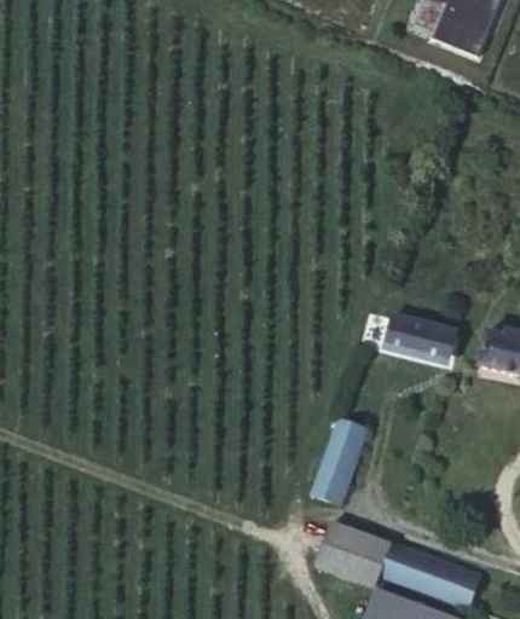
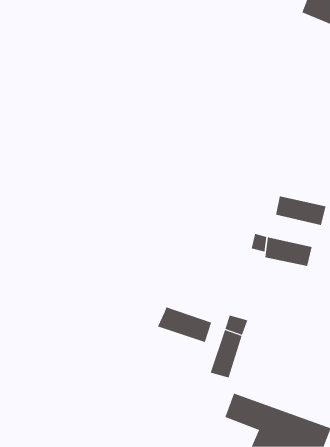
building: none -> [276,195,326,226]
building: none -> [157,306,212,343]

